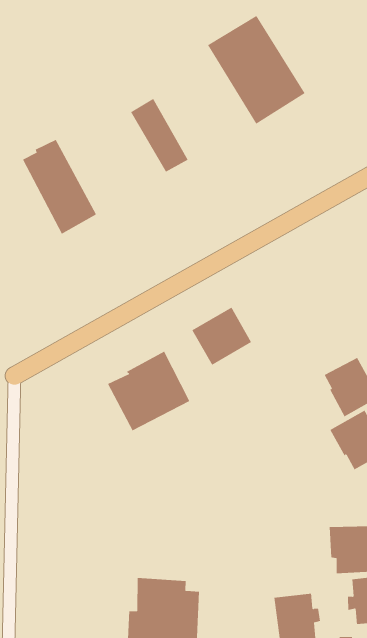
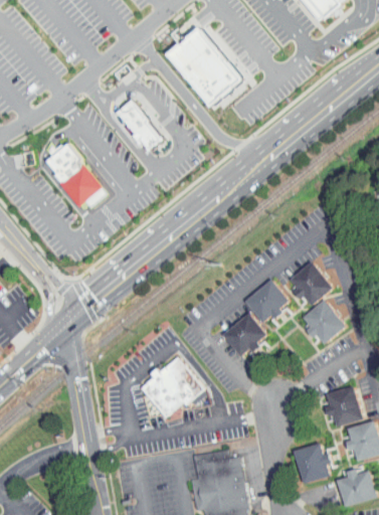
building: [192,307,252,366] -> [250,282,296,327]
building: [107,351,190,431] -> [146,359,208,421]
building: none -> [228,316,272,361]

